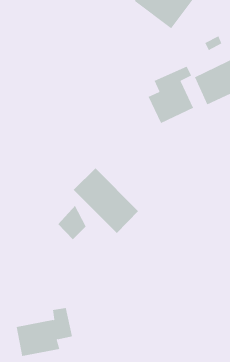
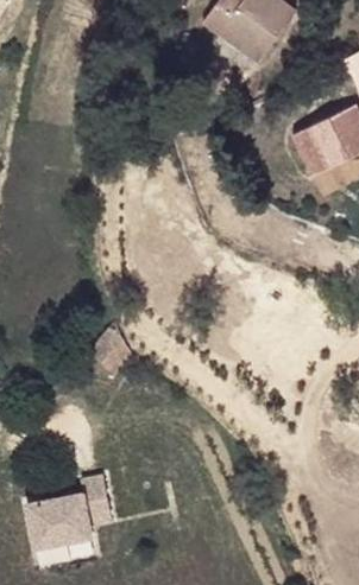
building: [148,66,194,124] -> none
building: [73,167,139,234] -> none

